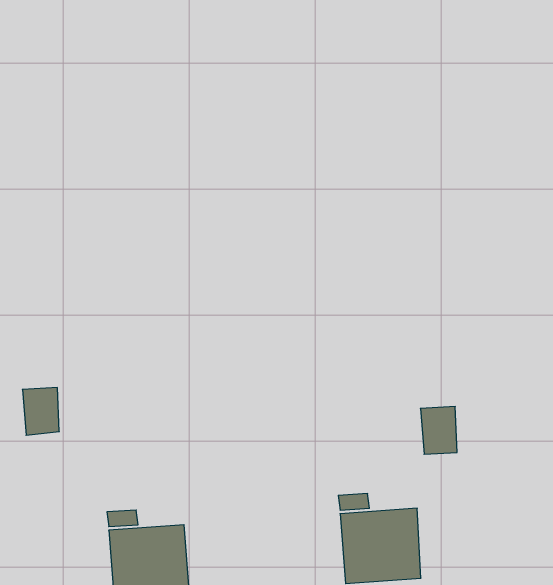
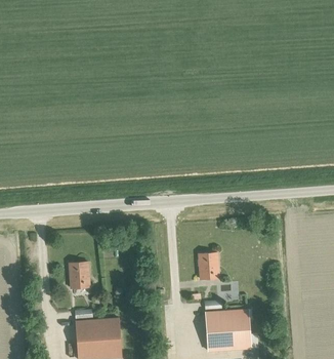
building: [22,388,59,435] -> [69,262,89,288]
building: [420,407,457,454] -> [198,252,218,279]

